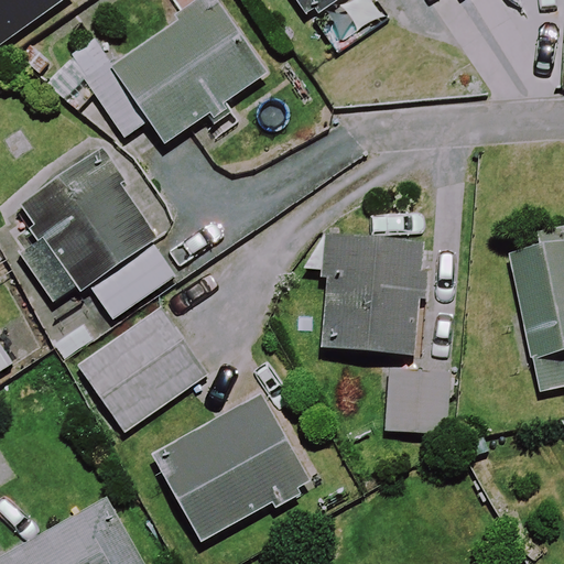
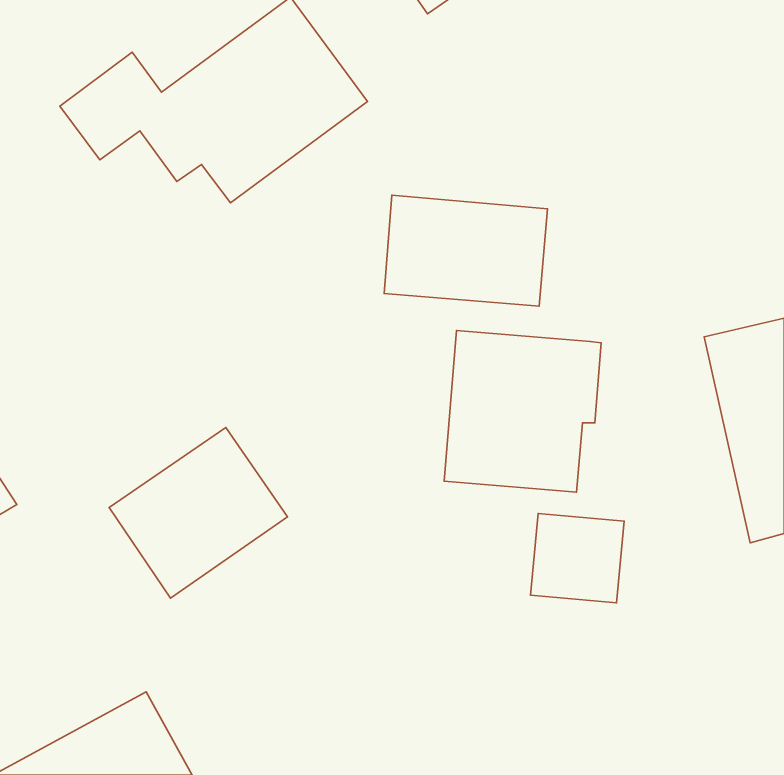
building: none -> [384,195,548,306]
building: [15,153,174,317] -> none
building: [161,397,317,536] -> none

